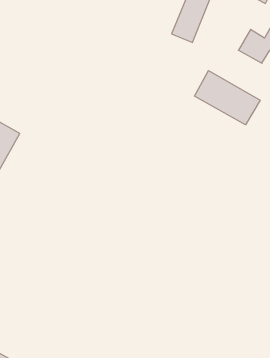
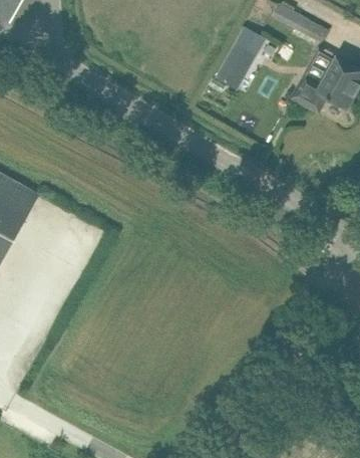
building: [194,71,260,125] -> none

